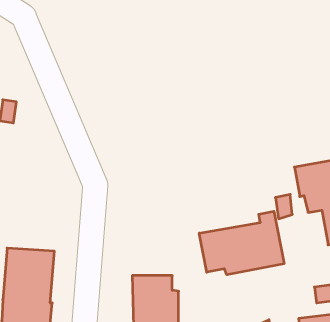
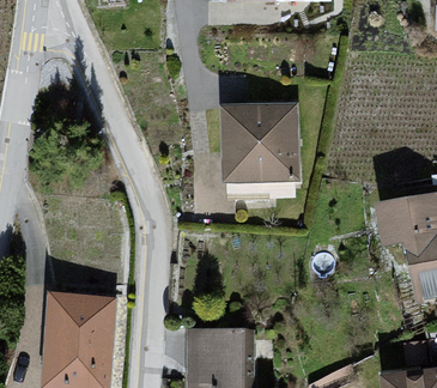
building: none -> [224,102,292,194]
building: [199,211,284,275] -> none

